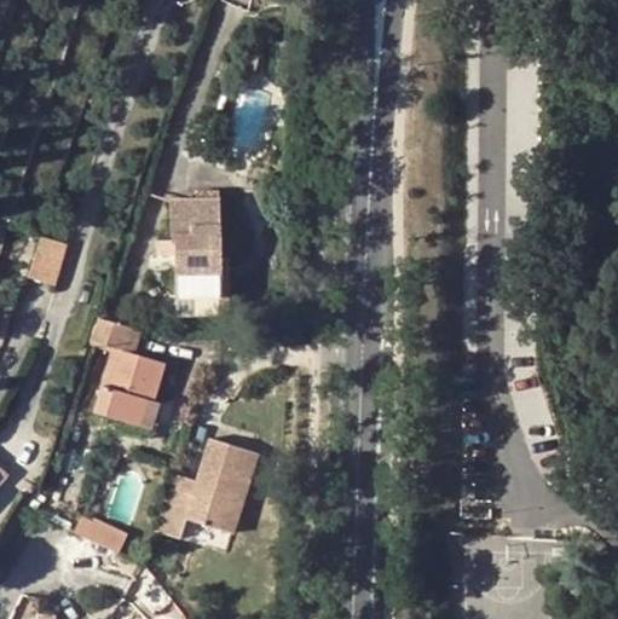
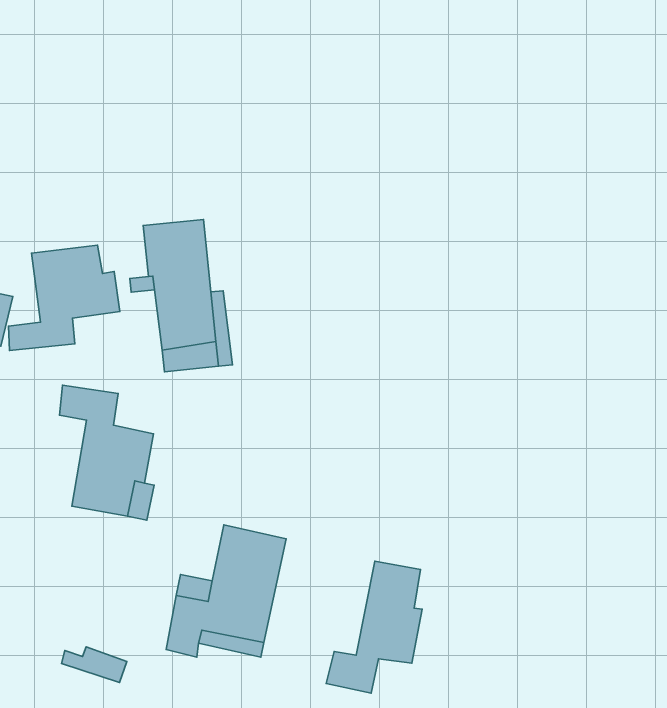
building: none -> [8,245,120,350]
building: none -> [326,561,422,693]

